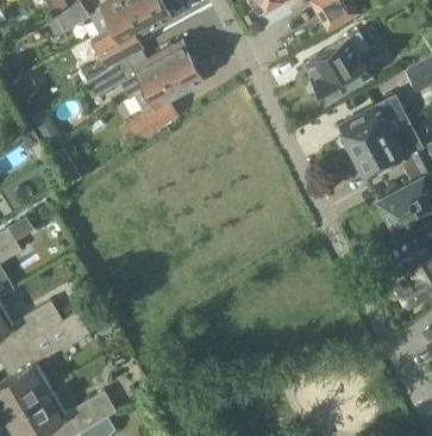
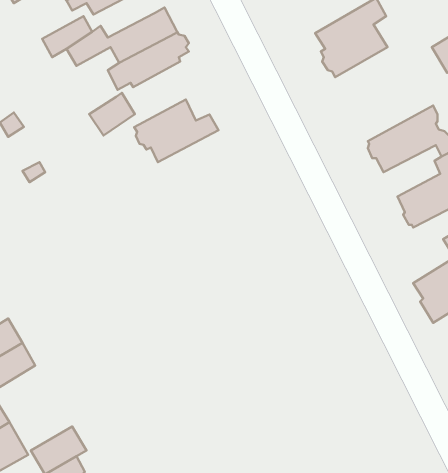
building: [339,96,408,152] -> none
building: none -> [134,99,218,162]

